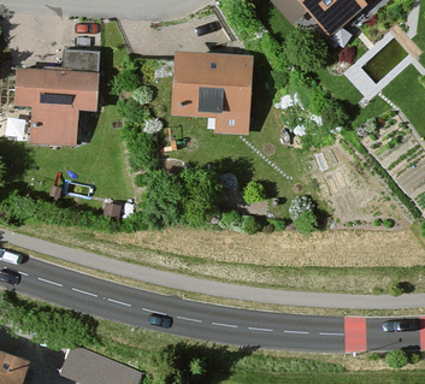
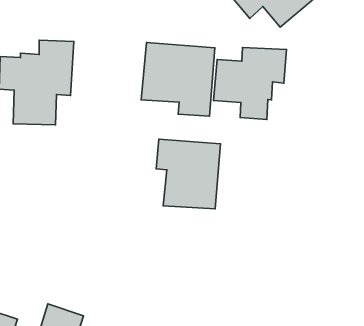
building: none -> [214,47,287,119]
building: none -> [156,139,220,209]

